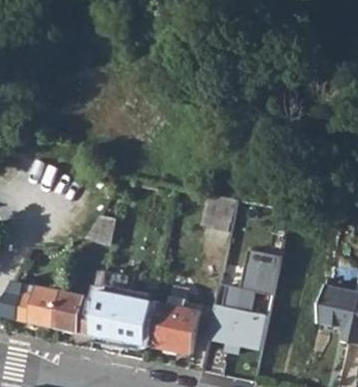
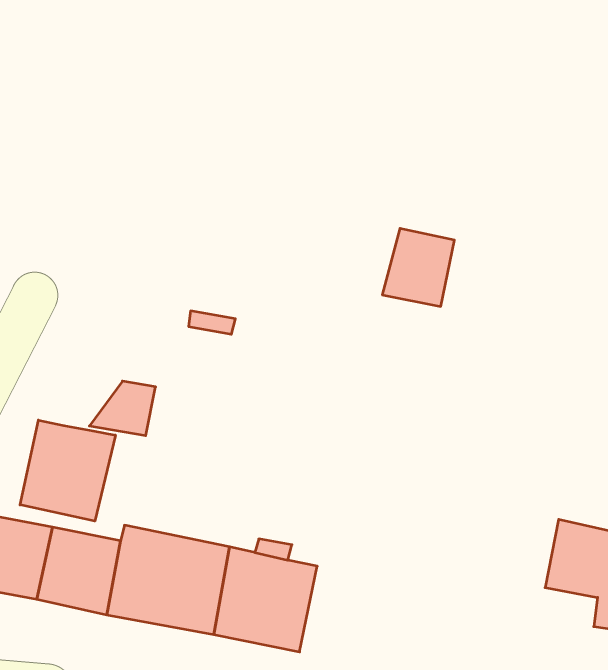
building: [199,193,236,233] -> [382,228,454,306]
building: none -> [20,420,115,521]
building: [205,247,283,356] -> none

